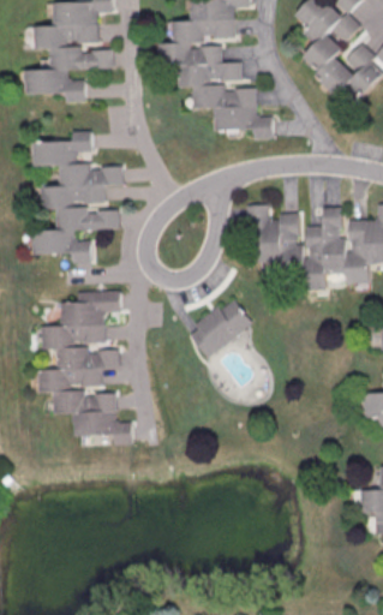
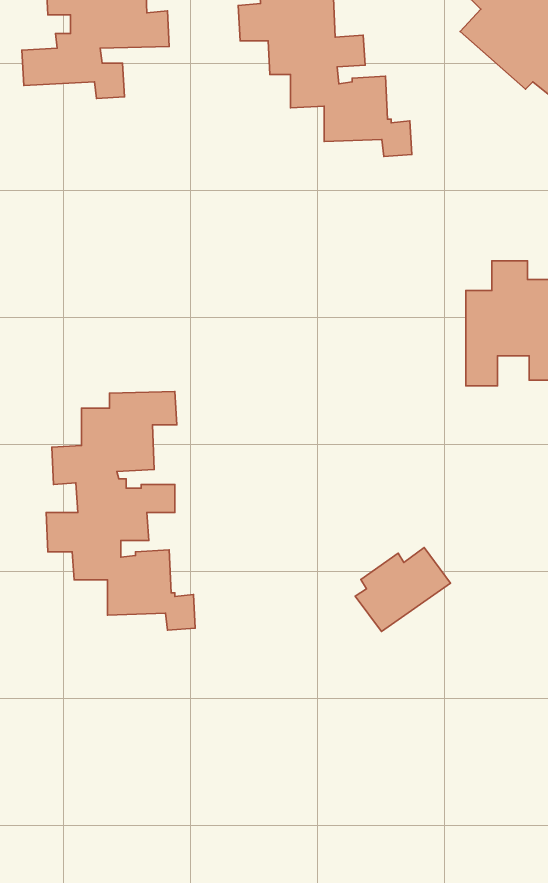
building: [30,130,122,262] -> none
building: [245,204,299,263] -> none
building: [191,304,252,358] -> [355,548,450,632]

